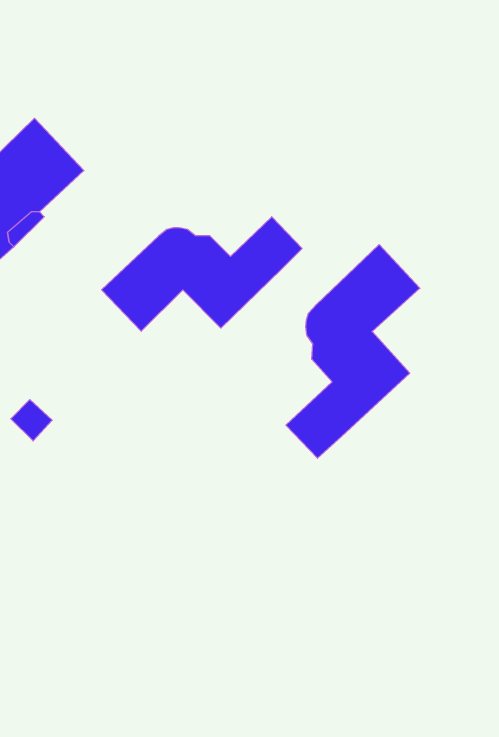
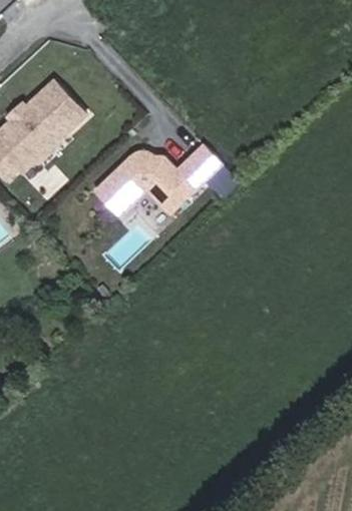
building: [286,245,420,458] -> none

